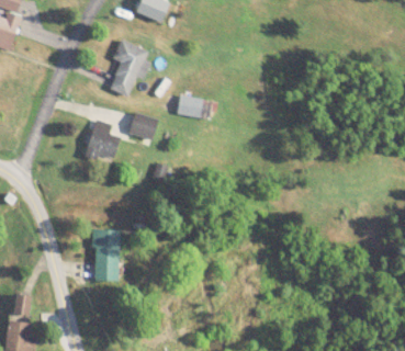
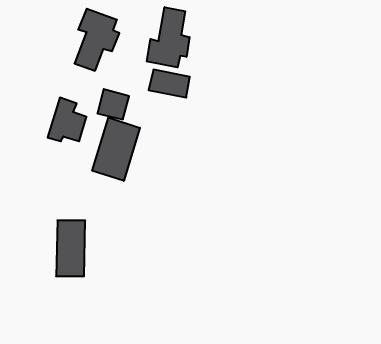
building: none -> [147,7,190,67]
building: none -> [92,118,140,181]

